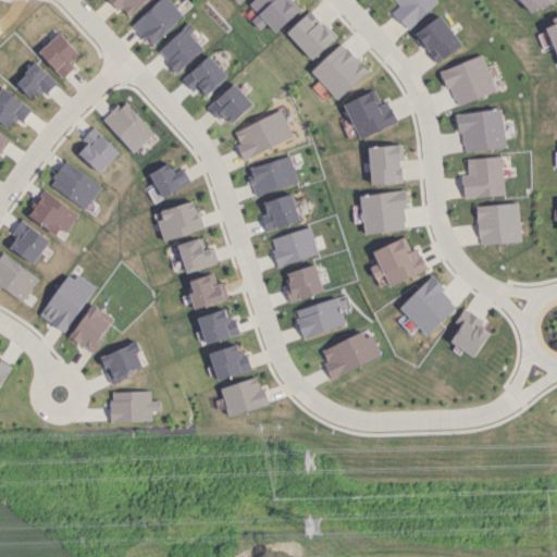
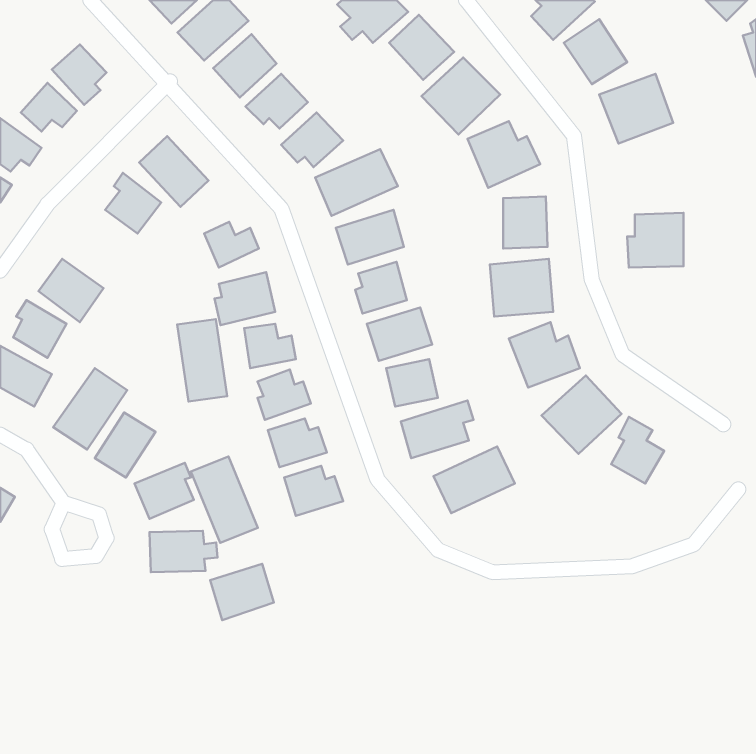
building: [457,109,505,153] -> none
building: [49,161,101,210] -> none
building: [476,203,520,244] -> none
building: none -> [177,319,227,401]
building: none -> [191,456,258,543]
building: [220,376,267,418] -> [210,564,274,620]

